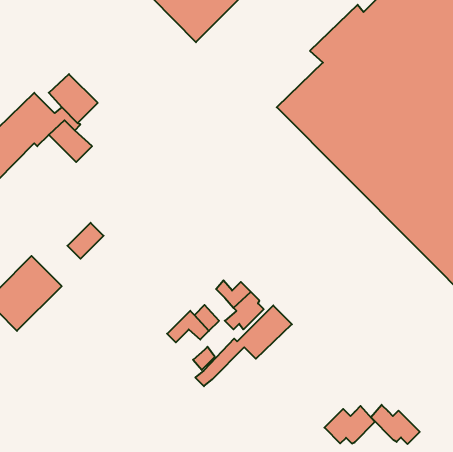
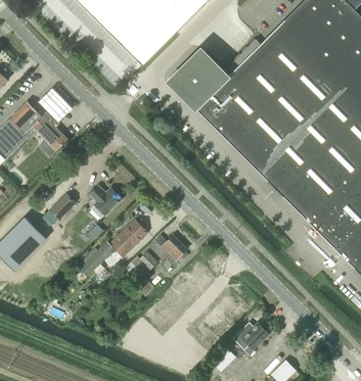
building: none -> [169,50,231,111]
building: none -> [89,186,122,219]
building: [195,305,292,386] -> [80,219,148,276]
building: [371,405,420,444] -> none

